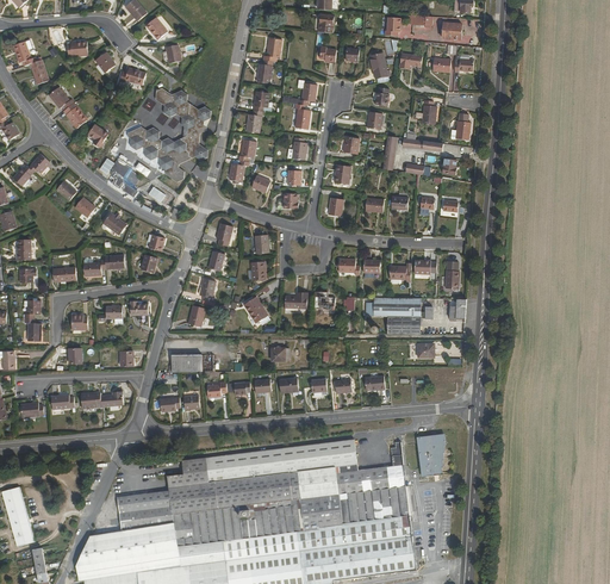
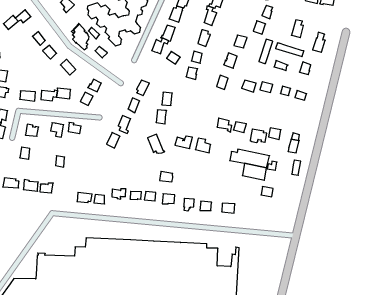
building: [168,354,212,371] -> none
building: [416,433,444,476] -> none

